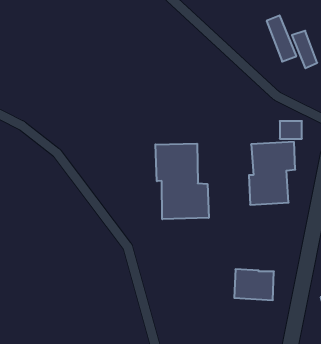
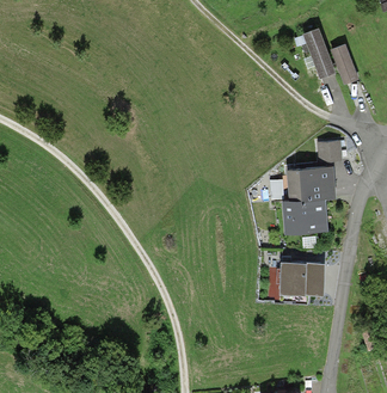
building: [155,144,209,219] -> none
building: [234,269,274,300] -> [280,260,322,294]

